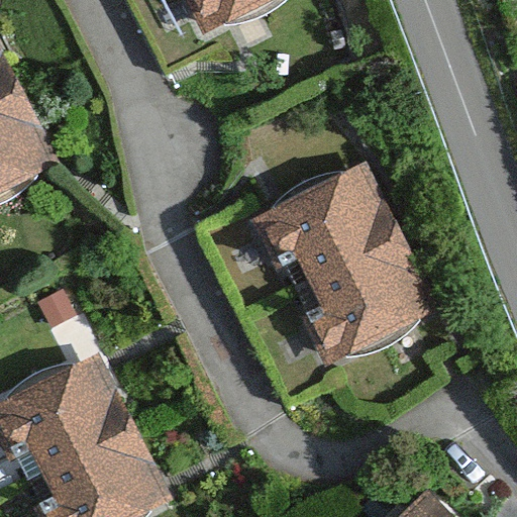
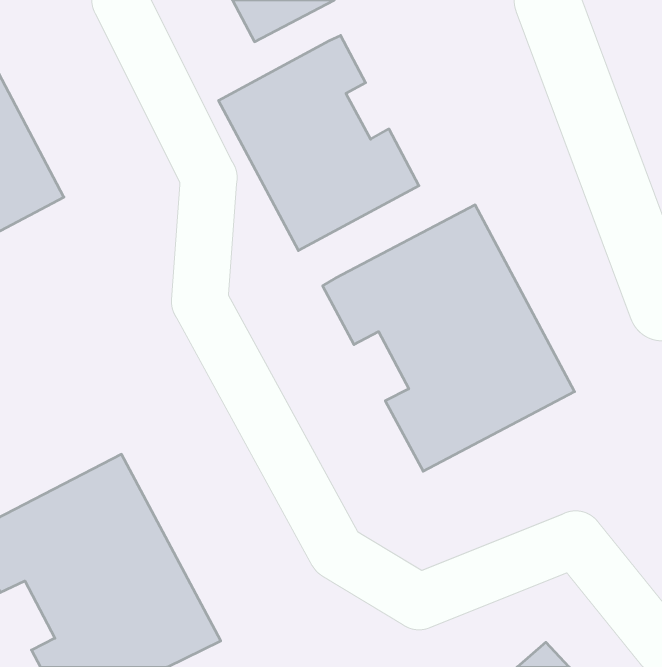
building: none -> [219,35,419,251]

